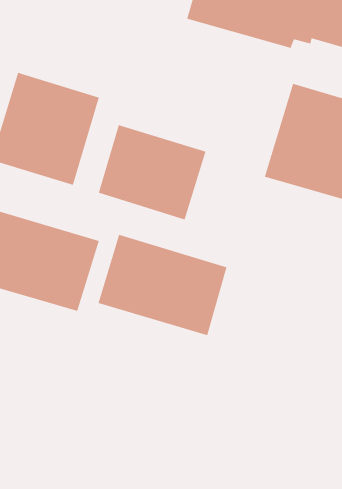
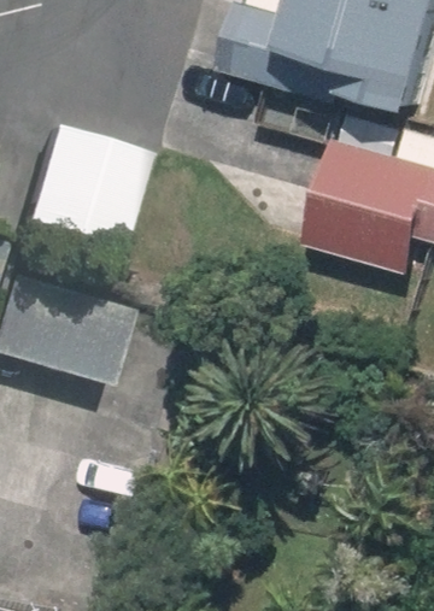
building: [98,124,207,220] -> none
building: [97,234,228,336] -> none

